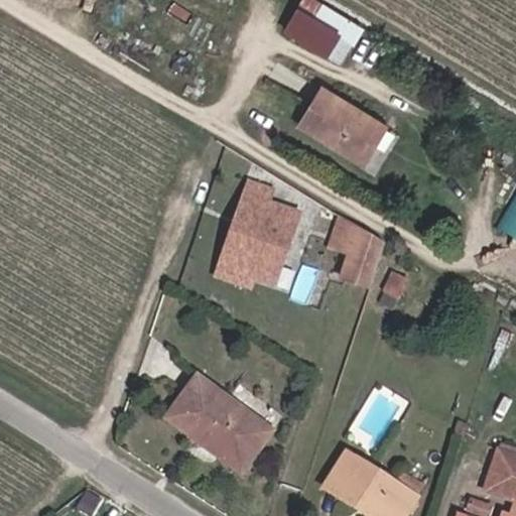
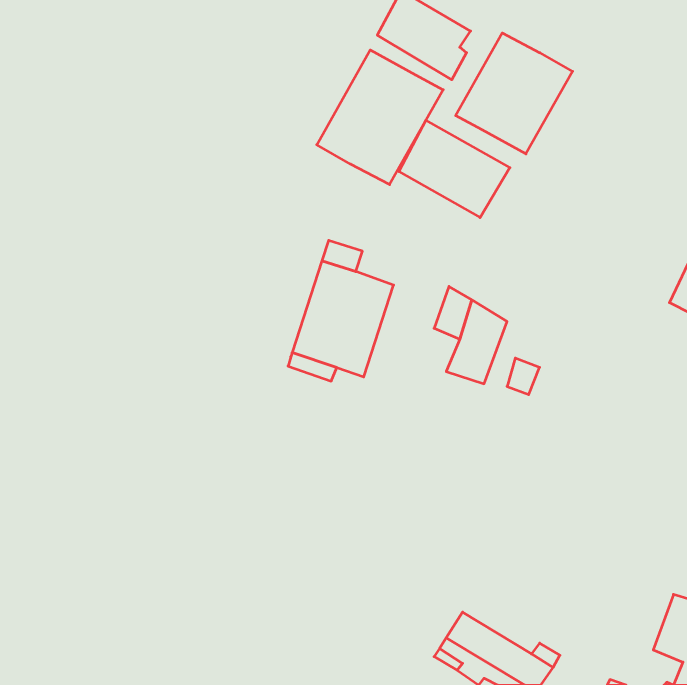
building: none -> [456,33,573,154]
building: none -> [317,50,443,185]
building: [167,378,270,464] -> none

